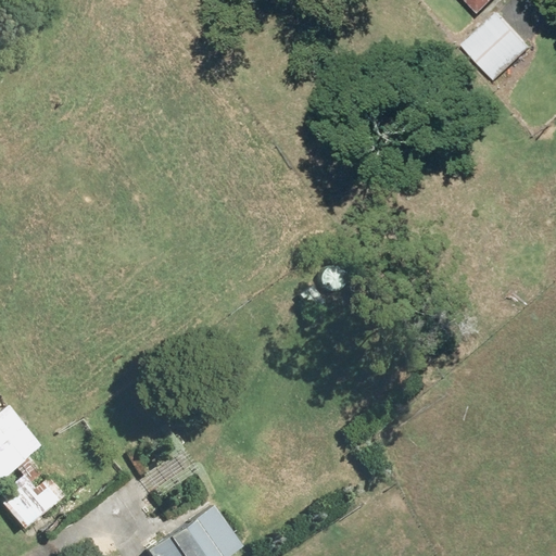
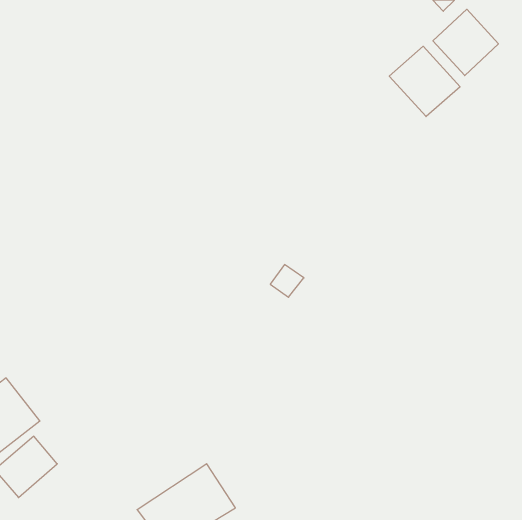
building: none -> [389,46,460,117]

